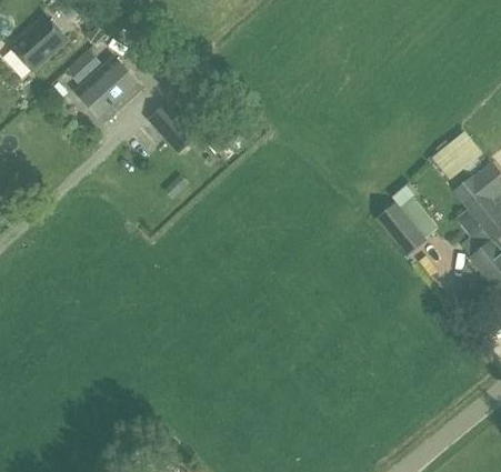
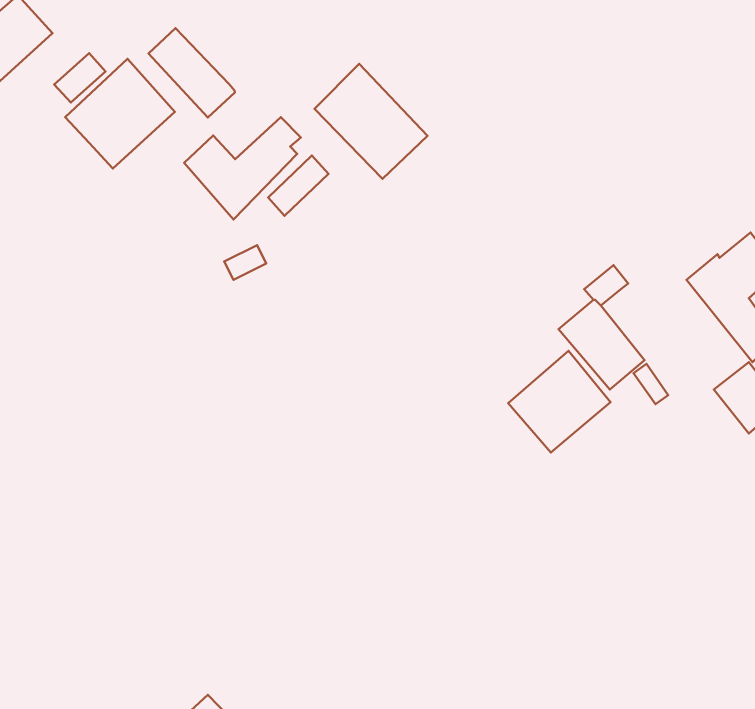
building: none -> [149,28,235,117]
building: none -> [314,64,427,179]
building: none -> [508,351,611,452]

